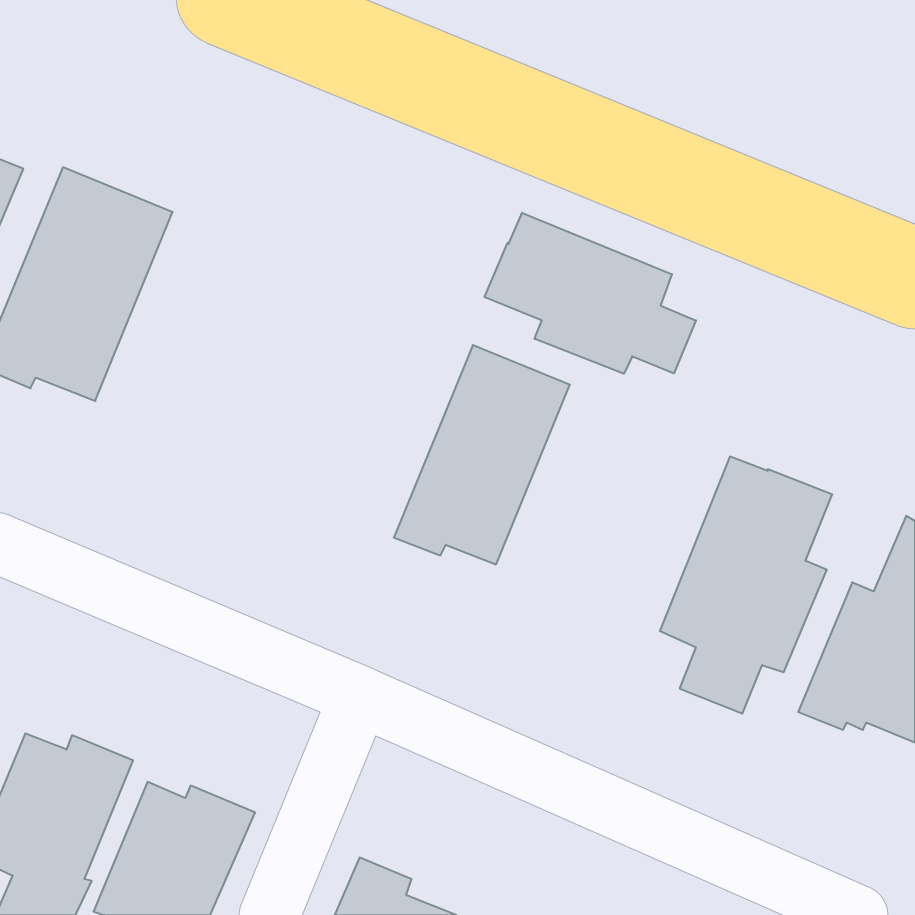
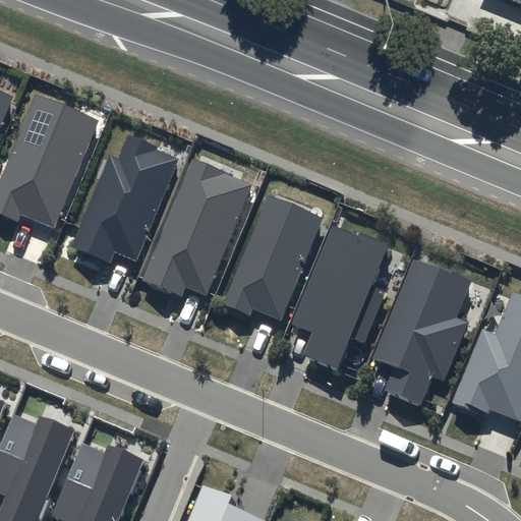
building: [485,213,696,374] -> none
building: none -> [72,134,178,262]
building: none -> [142,159,251,295]
building: none -> [292,225,390,368]

